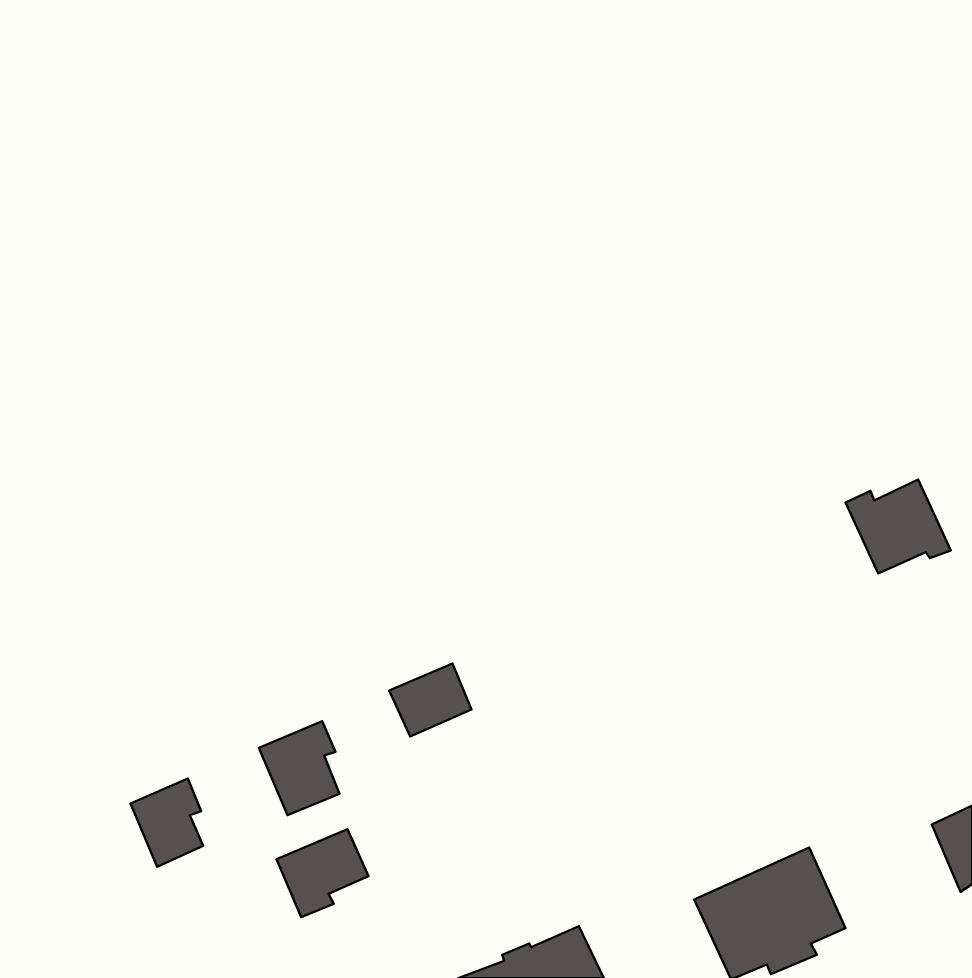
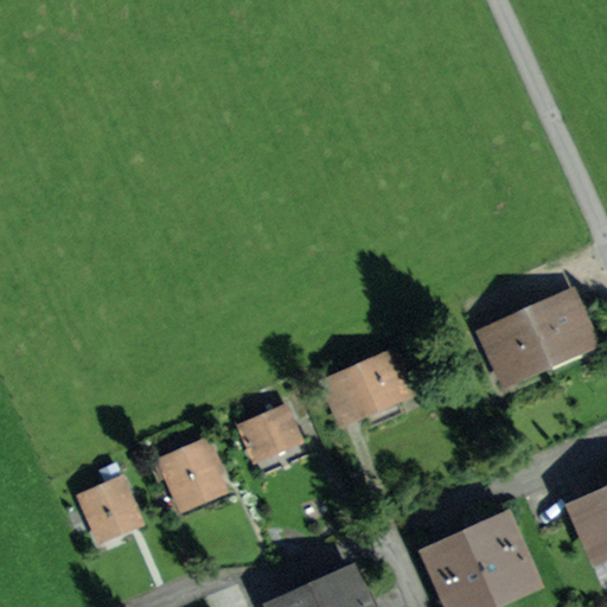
building: none -> [483,311,543,378]
building: none -> [324,356,405,418]
building: [276,829,369,917] -> none

